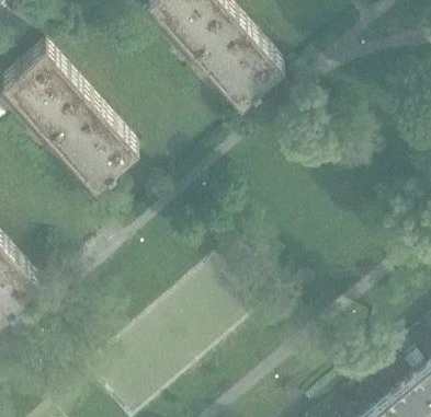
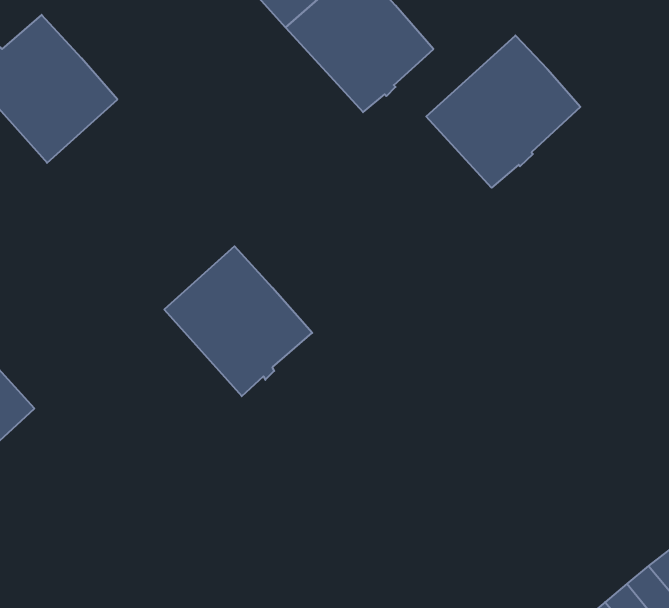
building: none -> [426,35,580,188]
building: [47,99,137,189] -> [164,246,312,396]

